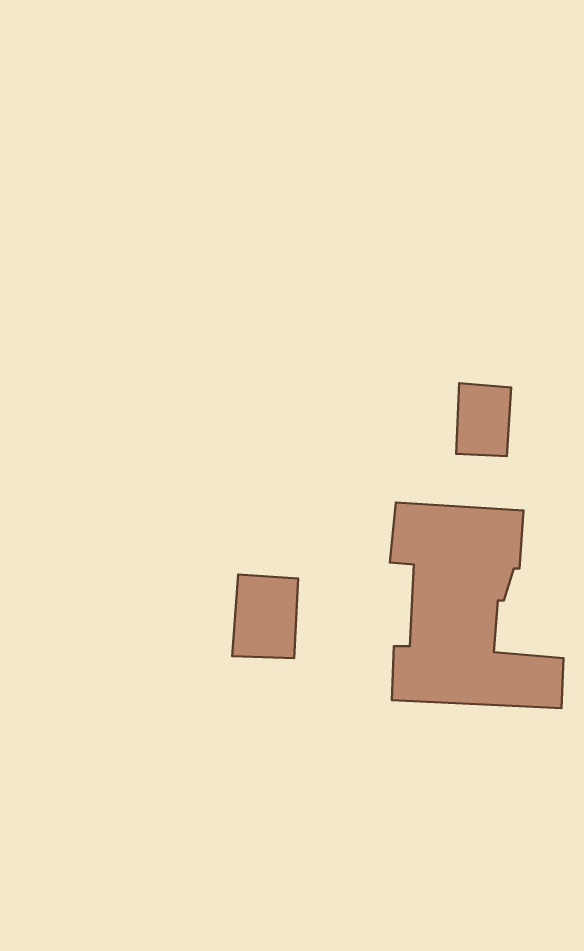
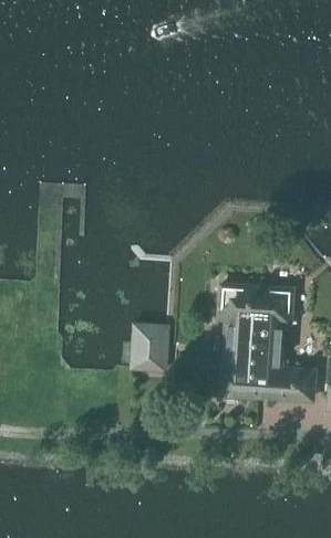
building: [456,383,511,456] -> none

